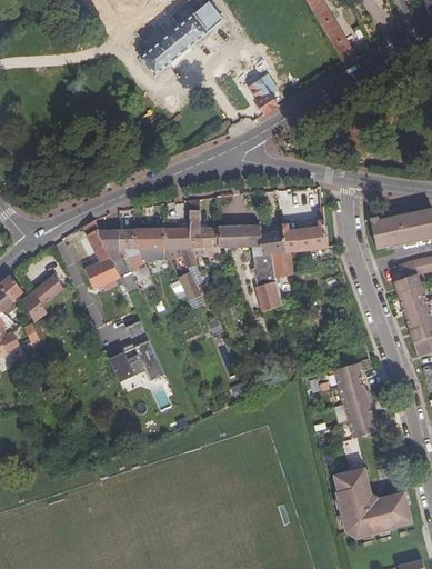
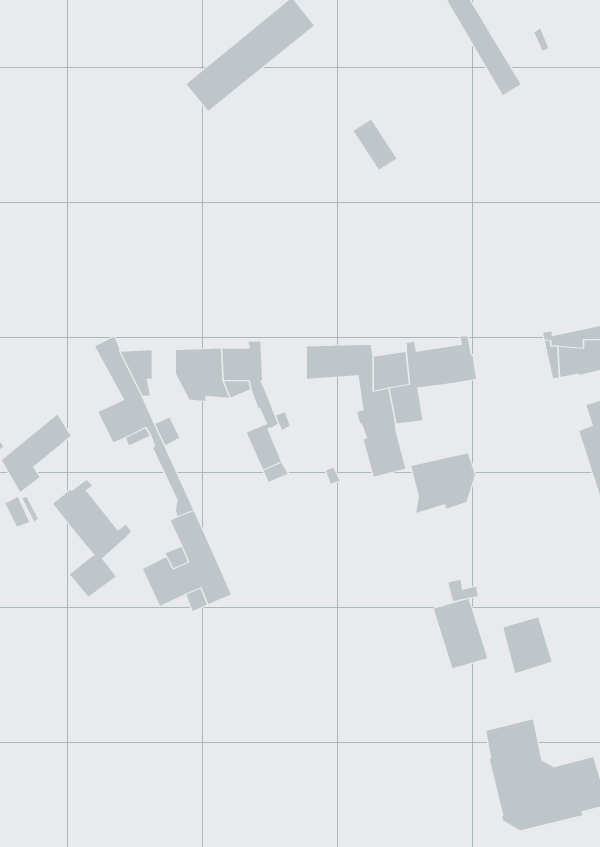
building: [189,198,218,256] -> none
building: [119,228,143,266] -> none
building: none -> [410,453,476,514]
building: none -> [52,479,132,598]
building: [332,361,368,407] -> [433,598,488,669]

